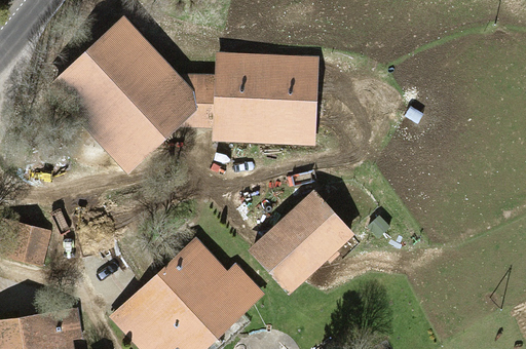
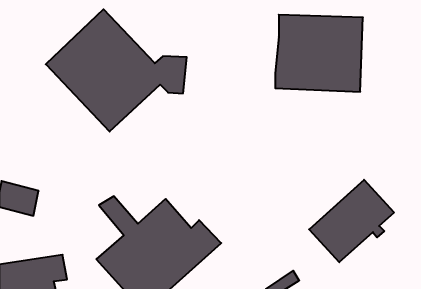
building: [215,53,316,143] -> [275,15,363,92]
building: [252,192,350,287] -> [309,180,394,262]

